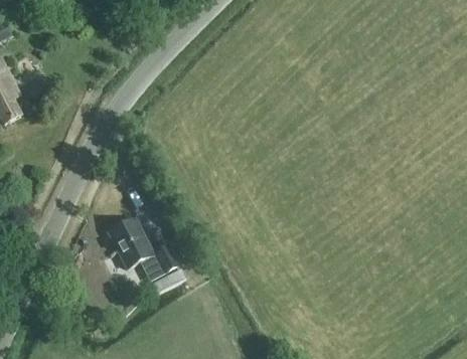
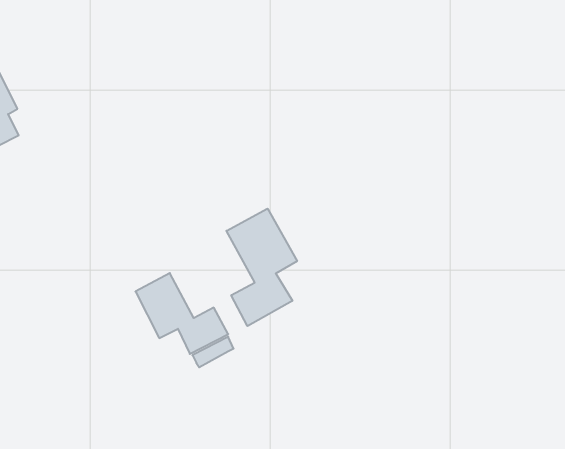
building: none -> [226,209,297,326]

